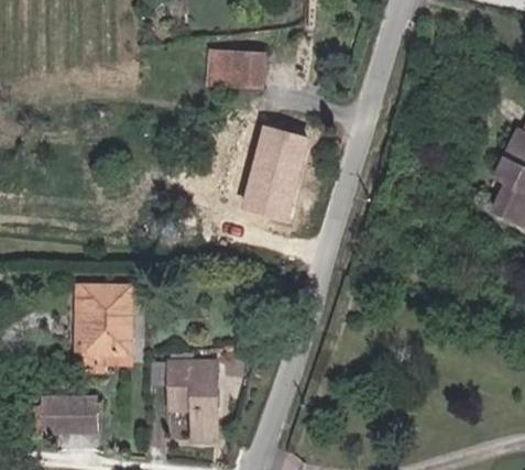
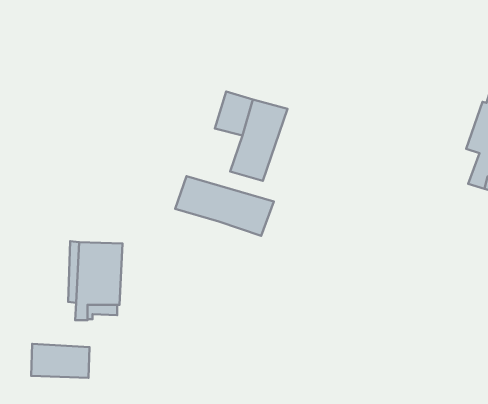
building: [212,53,265,86] -> none
building: none -> [175,176,274,236]
building: [175,361,219,437] -> none

